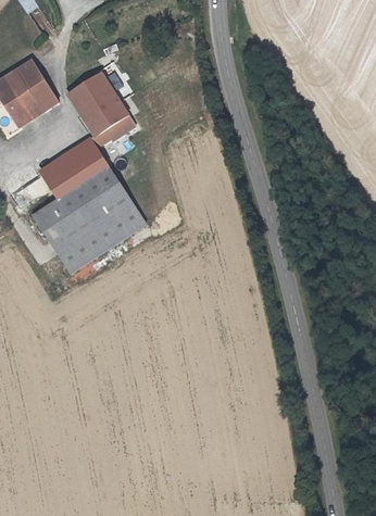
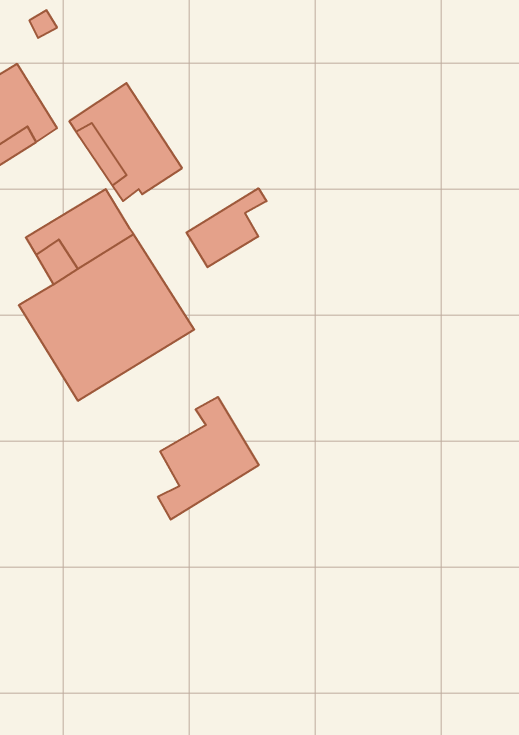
building: none -> [186,188,267,267]
building: none -> [158,397,259,520]

